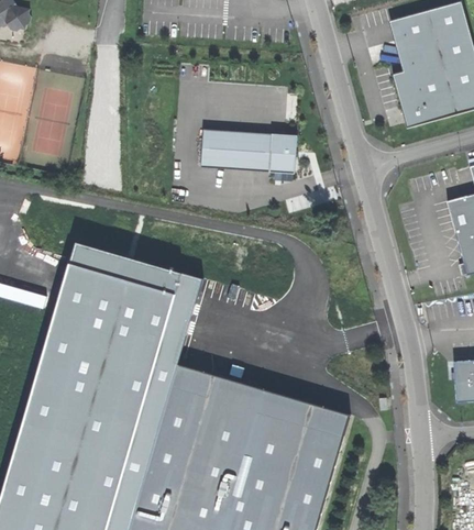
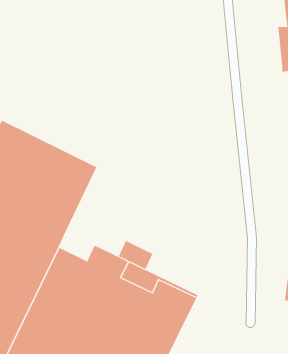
building: [199,130,296,174] -> none
building: [172,363,213,395] -> [118,240,153,270]

